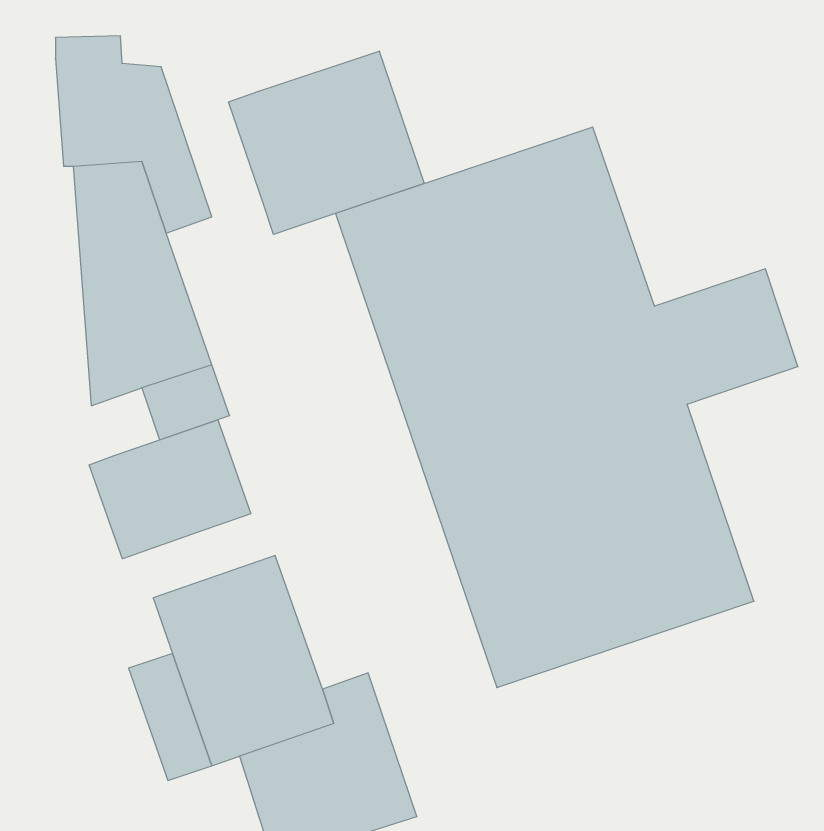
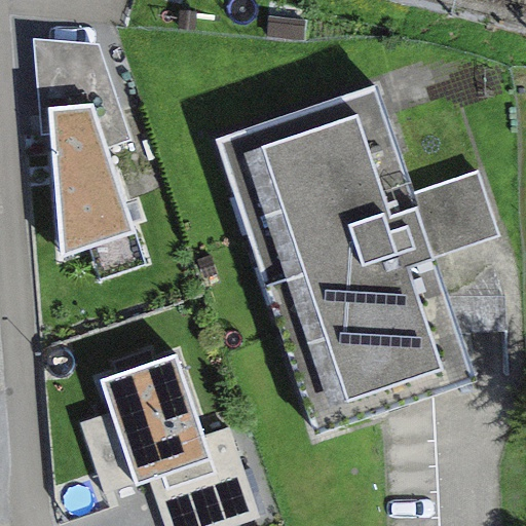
building: [229,51,424,234] -> none
building: [89,420,251,559] -> none

